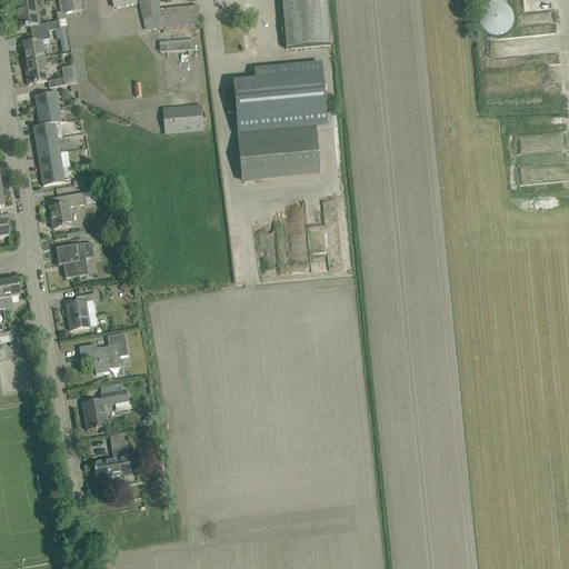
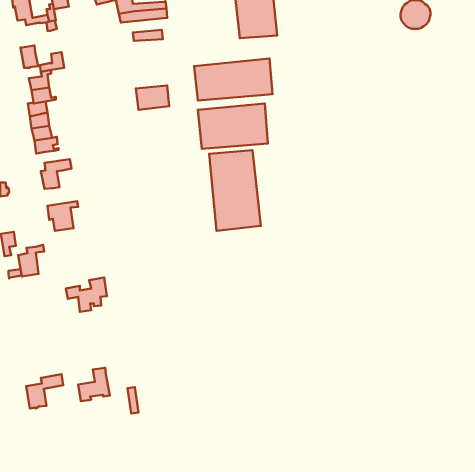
building: [23,27,50,57] -> none
building: none -> [209,150,261,231]
building: [66,290,97,328] -> [18,245,44,277]
building: [83,387,128,428] -> [26,374,63,409]

